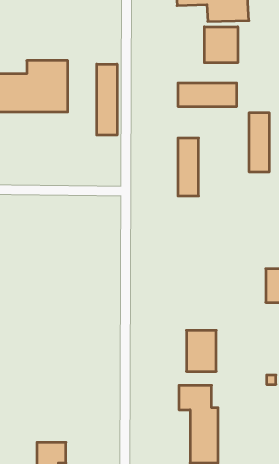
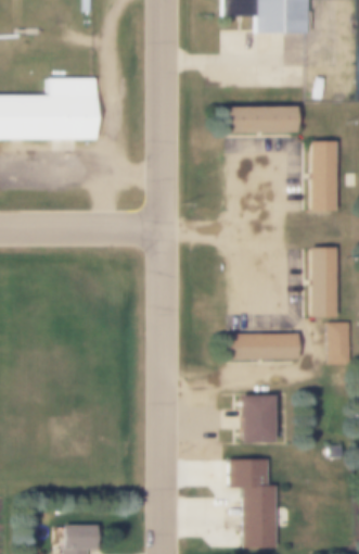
building: [204,27,238,63] -> none
building: [97,64,117,135] -> none
building: [178,138,199,196] -> [310,248,334,315]
building: none -> [228,333,297,358]

